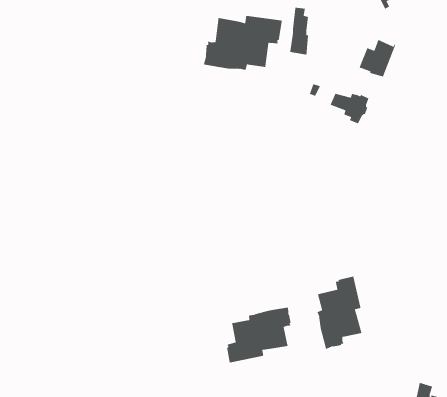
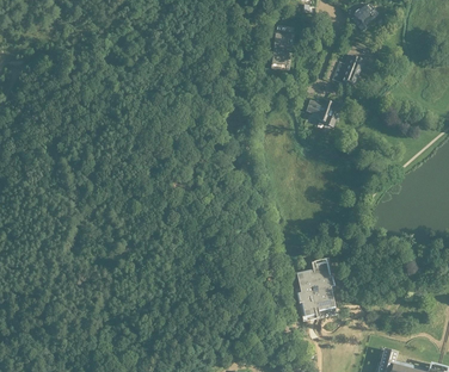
building: [203,15,283,71] -> none
building: [226,306,292,364] -> none

